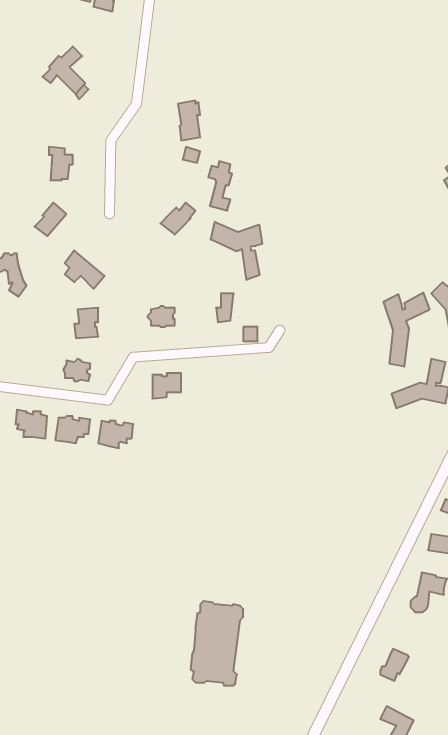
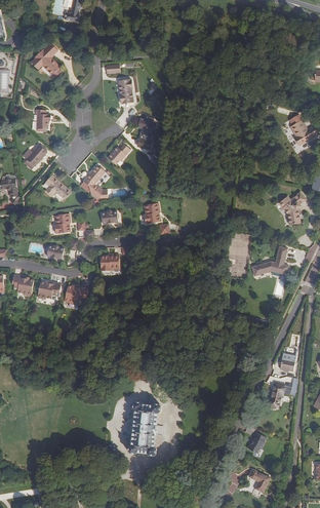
building: [211,222,262,280] -> none
building: none -> [79,164,108,199]
building: [384,293,429,367] -> none

